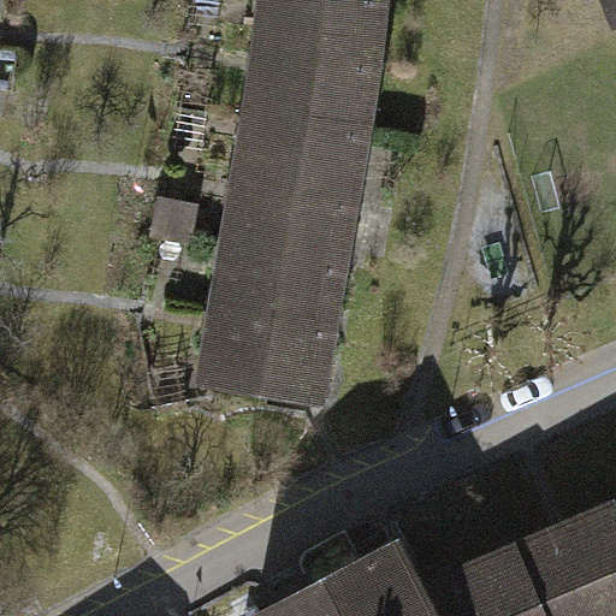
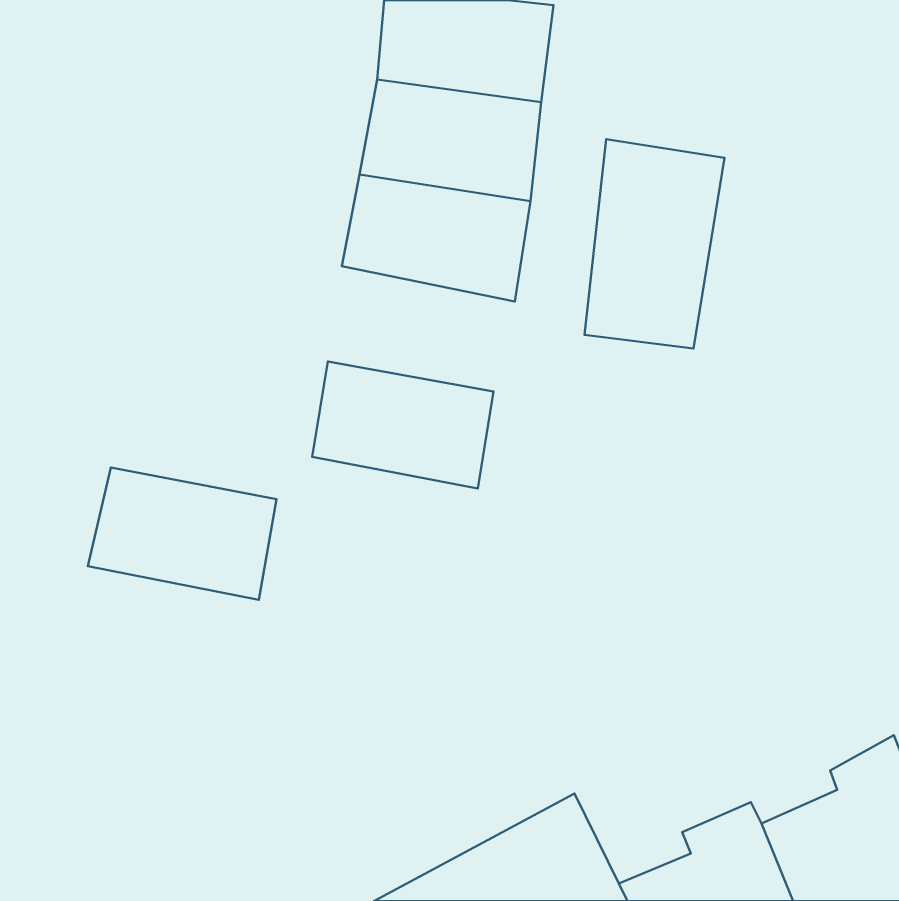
building: none -> [585,139,724,348]
building: [225,182,353,267] -> none
building: [199,312,327,402] -> [88,468,277,600]

